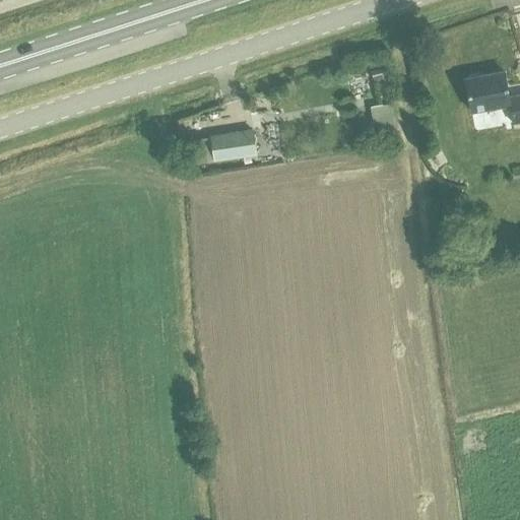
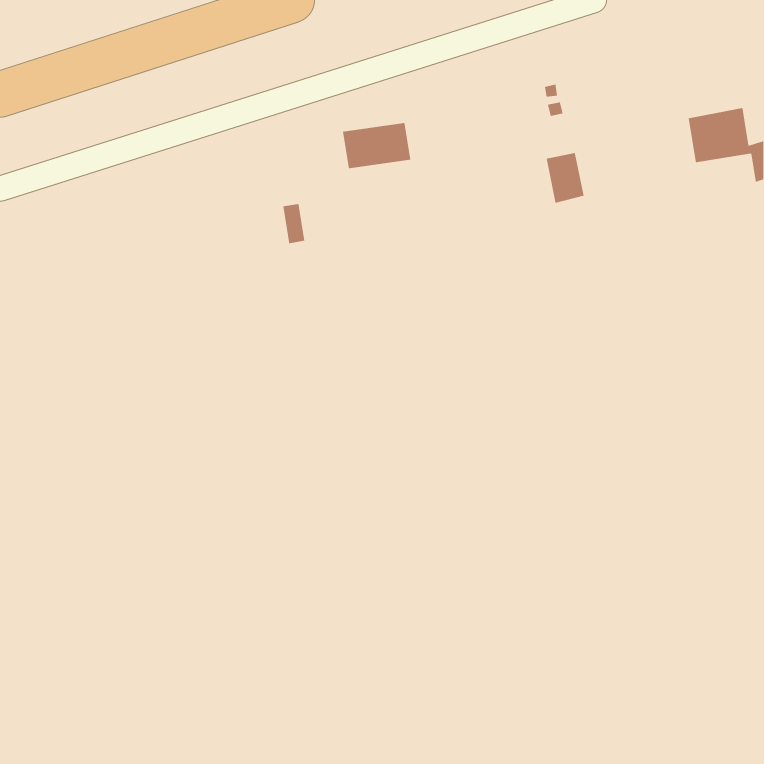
building: [210,130,257,161] -> [342,123,411,169]

